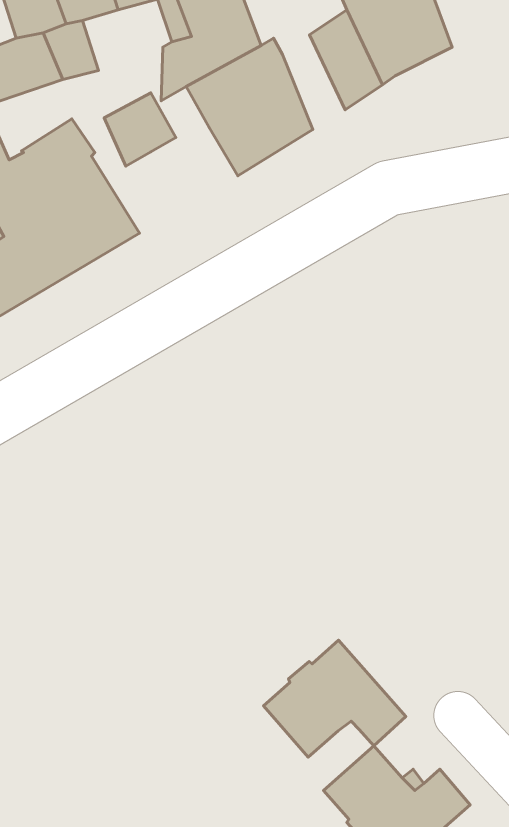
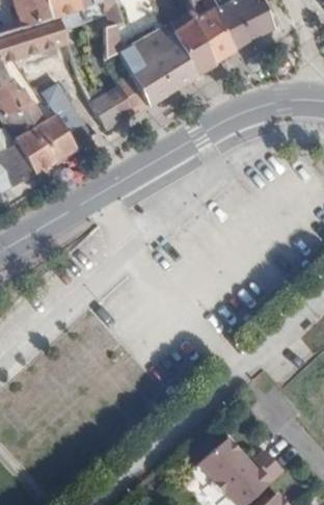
building: none -> [174,23,211,78]
building: [104,93,176,166] -> [91,88,133,131]
building: [264,640,406,757] -> none

